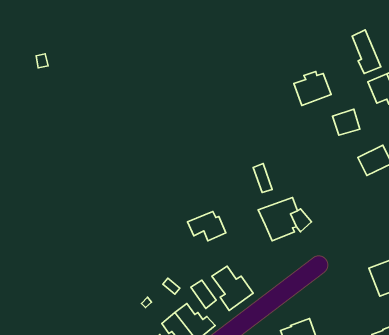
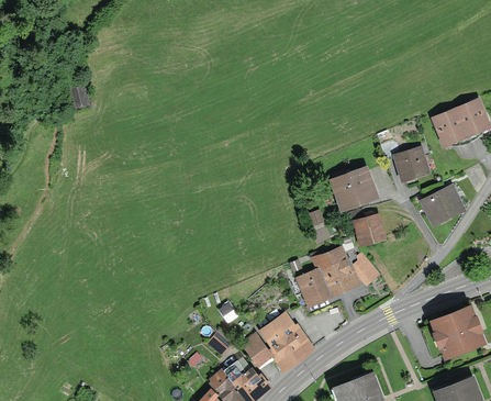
building: [352,30,381,73] -> none
building: [294,71,331,106] -> [334,168,375,205]
building: none -> [355,216,381,243]
building: [188,212,226,241] -> [289,269,331,301]

